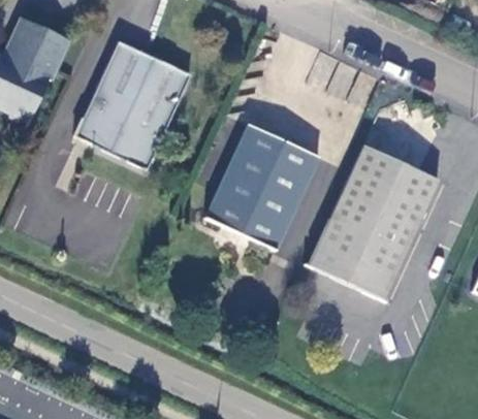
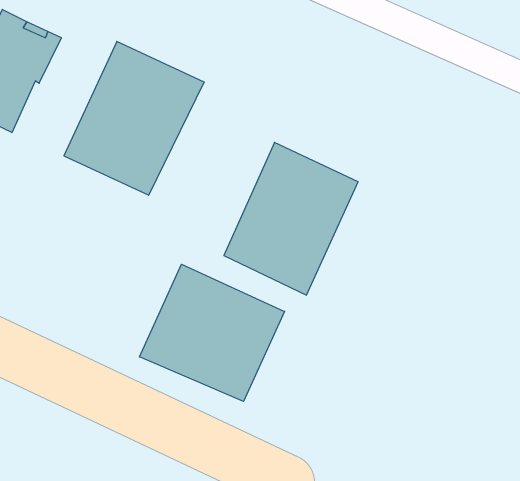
building: [311,146,440,299] -> none
building: none -> [139,264,285,401]

